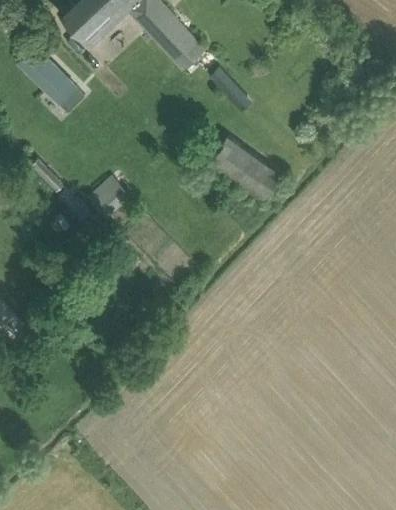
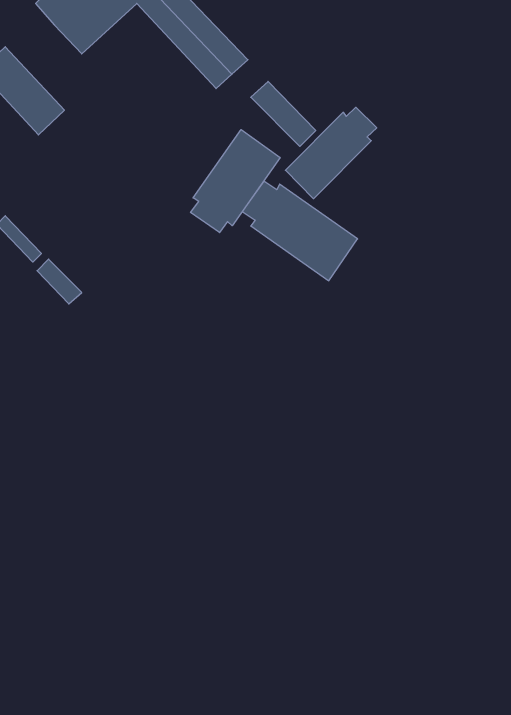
building: none -> [285,107,377,199]
building: none -> [191,130,280,233]
building: [88,178,131,220] -> none

